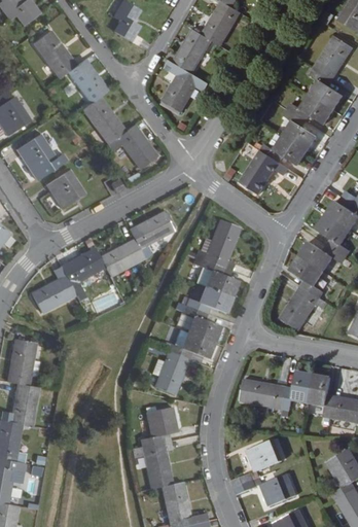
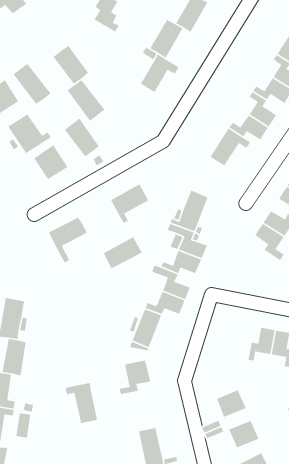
building: [33,30,76,76] -> [13,63,52,105]
building: [116,124,156,168] -> [64,118,100,158]
building: [101,238,145,275] -> [103,236,143,270]
building: [33,266,76,312] -> none
building: [280,285,319,328] -> none
building: [241,379,287,408] -> none
building: [134,442,171,488] -> [65,382,98,424]

